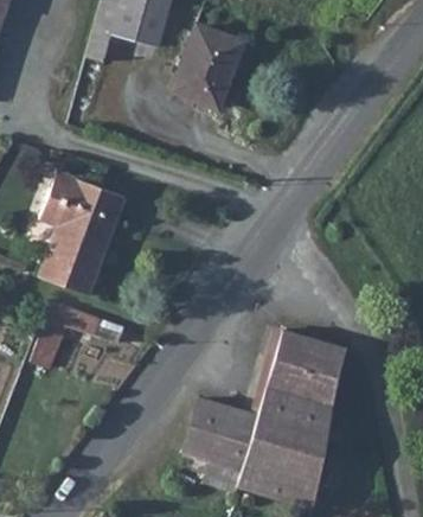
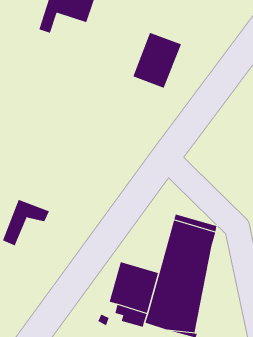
building: [173,23,245,106] -> [133,32,182,89]
building: [37,170,122,294] -> none

